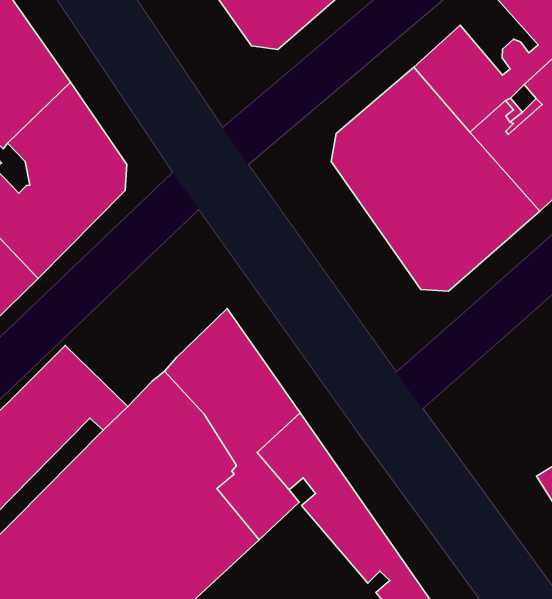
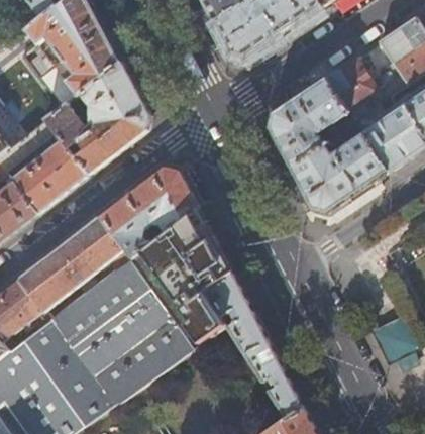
building: none -> [98,168,196,257]

